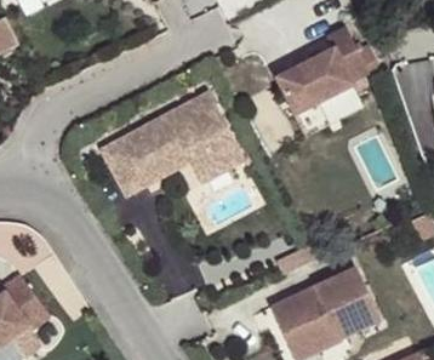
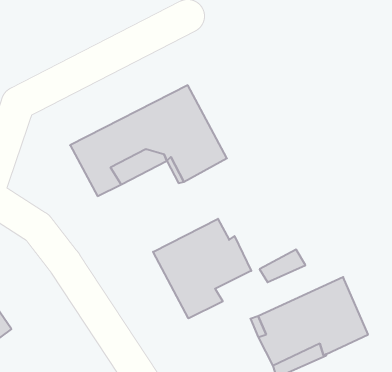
building: [278,28,370,115] -> none
building: none -> [153,219,251,318]

